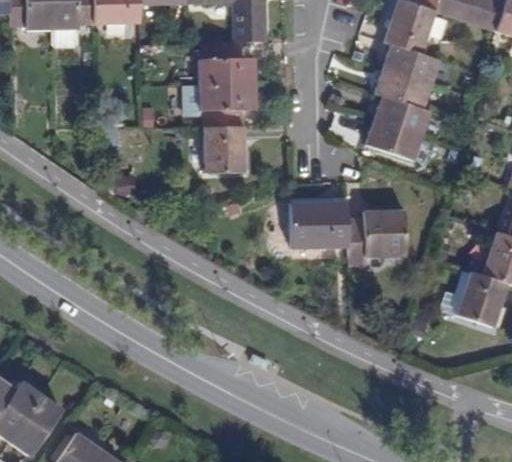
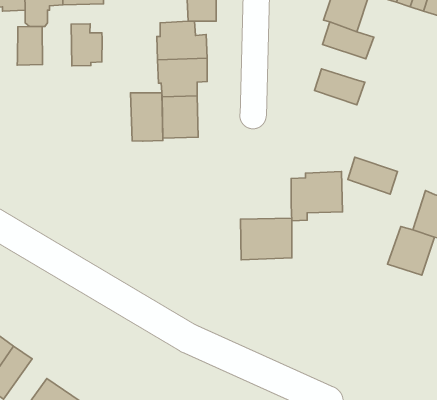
building: none -> [71,24,102,66]
building: none -> [17,26,43,65]
building: [375,67,431,107] -> none
building: [366,118,421,159] -> [348,157,397,194]
building: none -> [130,93,163,141]
building: [291,201,348,247] -> [240,218,292,260]

